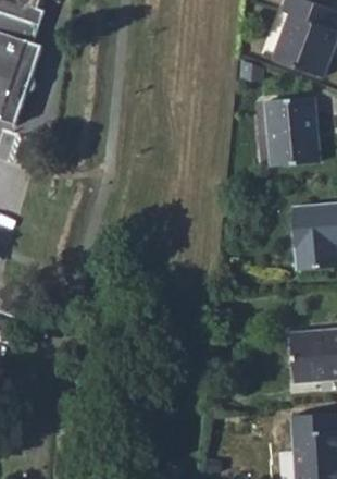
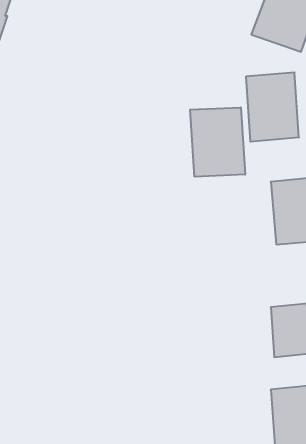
building: none -> [190,107,245,177]

